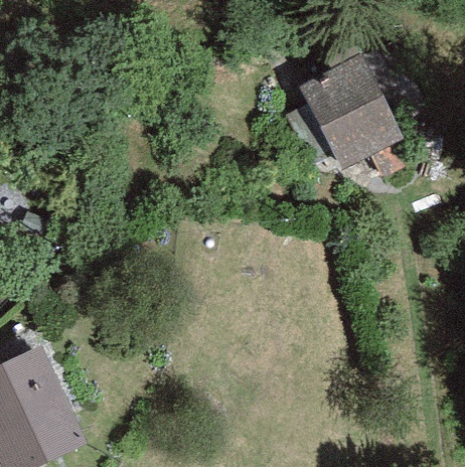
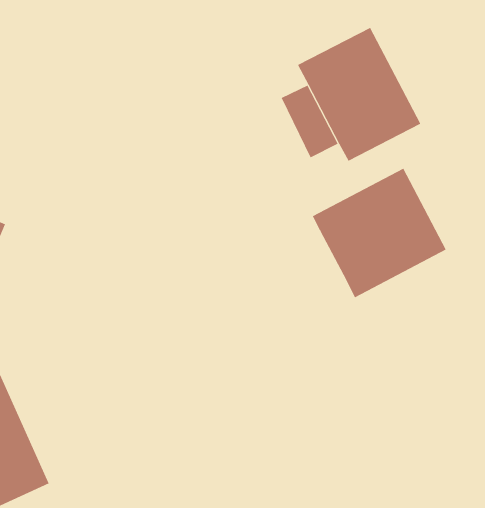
building: none -> [312,168,446,298]

